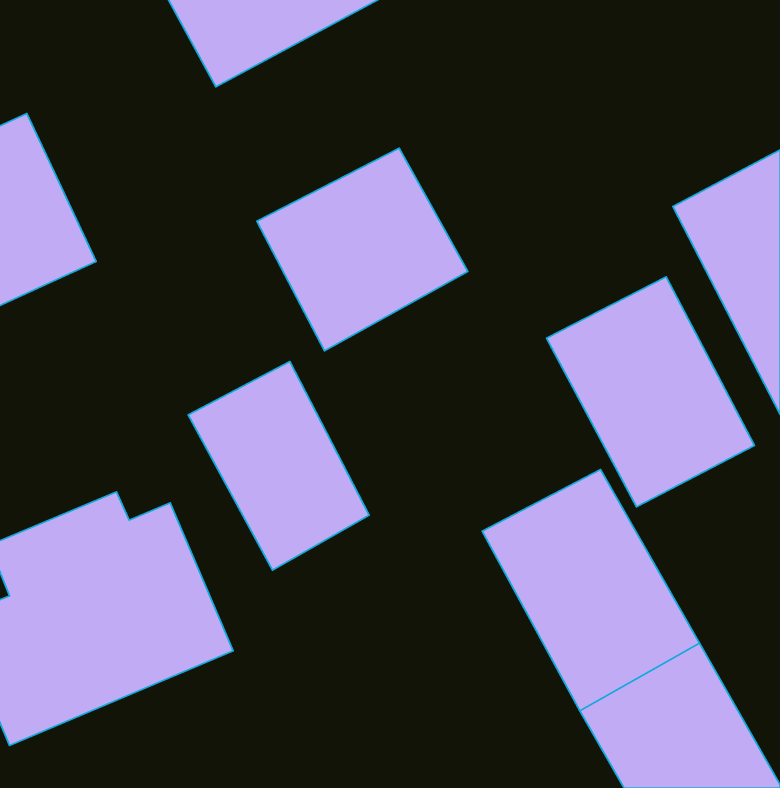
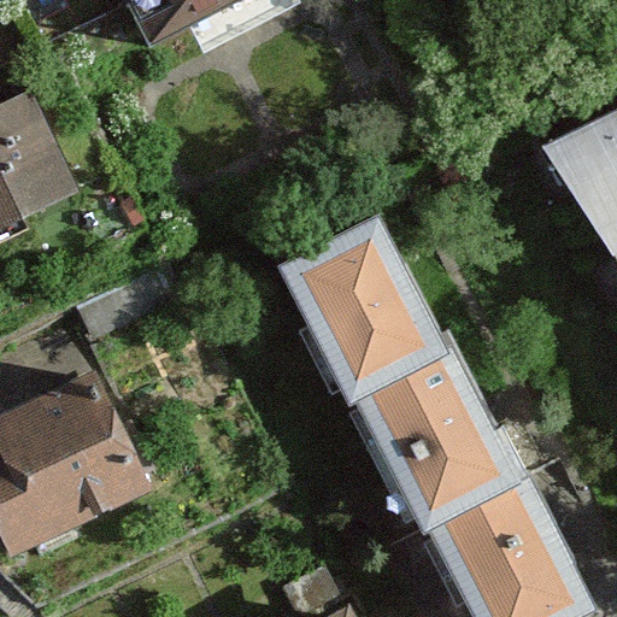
building: [257,148,468,351] -> none
building: [547,277,755,507] -> [300,230,459,406]
building: [188,362,369,570] -> none

